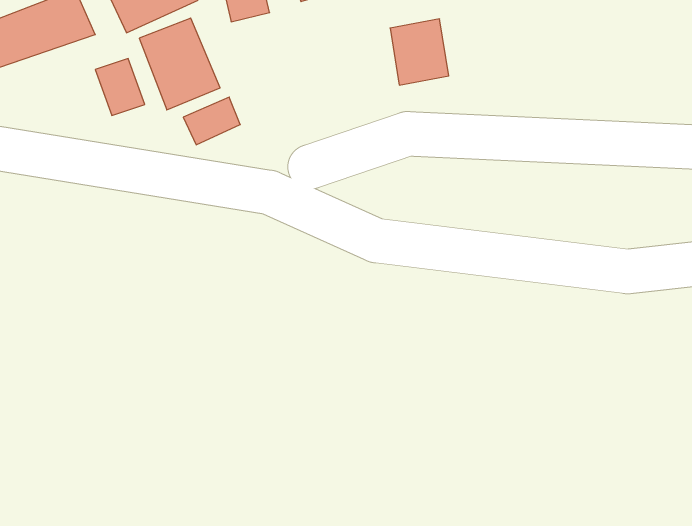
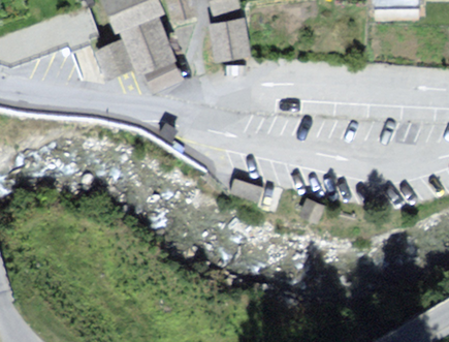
building: [390,19,449,85] -> [214,21,247,58]

